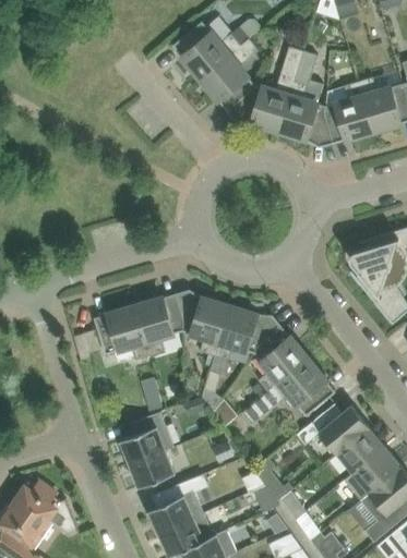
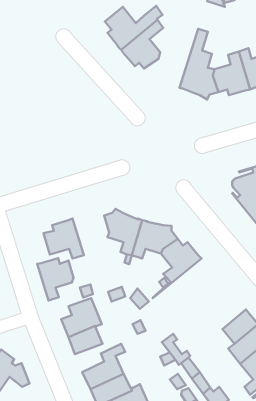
building: [231,46,304,130] -> none
building: [135,298,184,354] -> [37,258,73,300]
building: [243,359,330,422] -> none
building: [297,403,370,453] -> none

